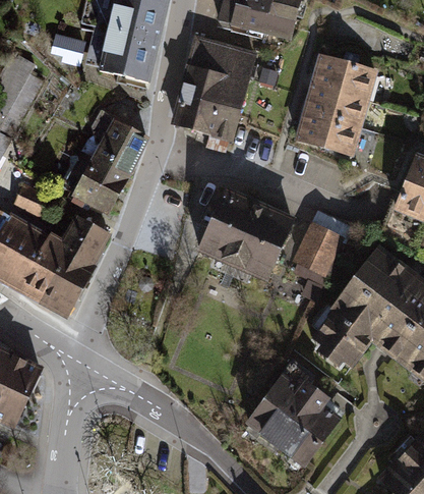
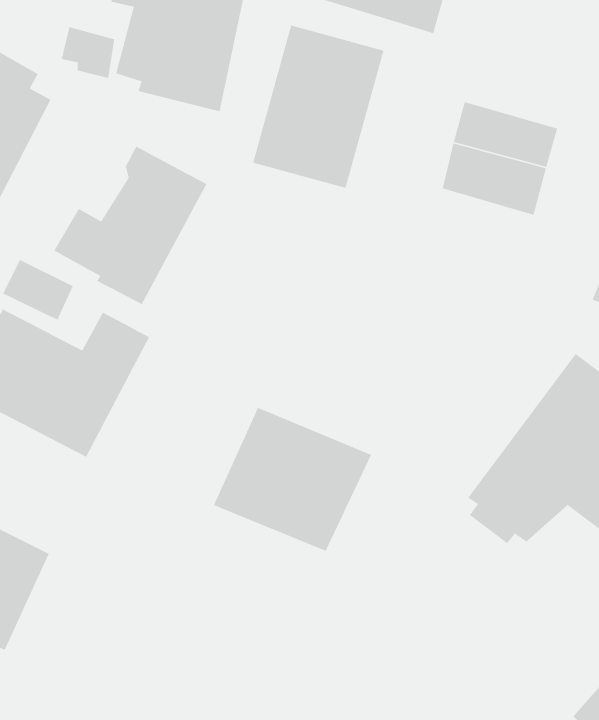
building: [309,52,378,101] -> none
building: [194,186,296,279] -> [213,407,372,552]
building: [291,219,348,277] -> none
building: [240,365,340,468] -> none

